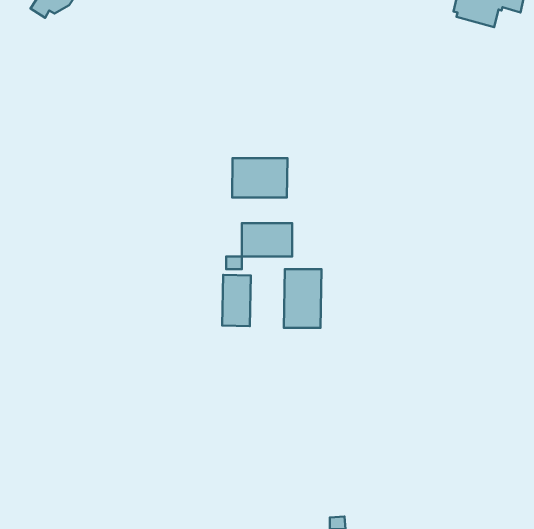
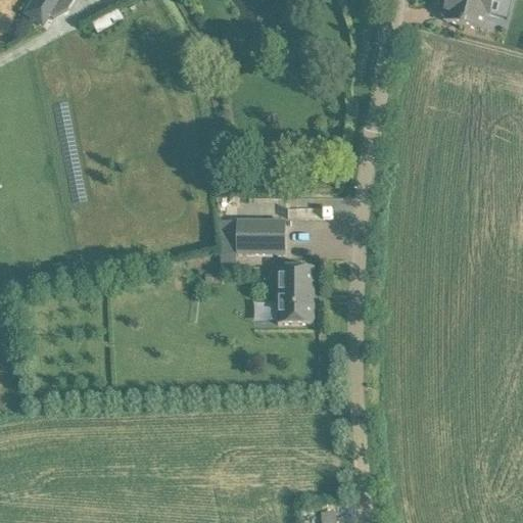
building: [232,158,288,197] -> none
building: [222,275,251,326] -> none

